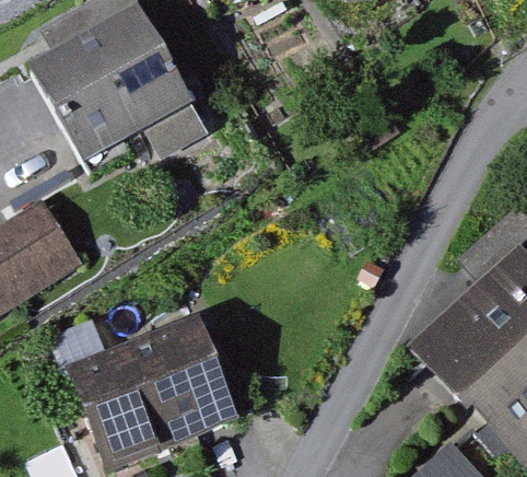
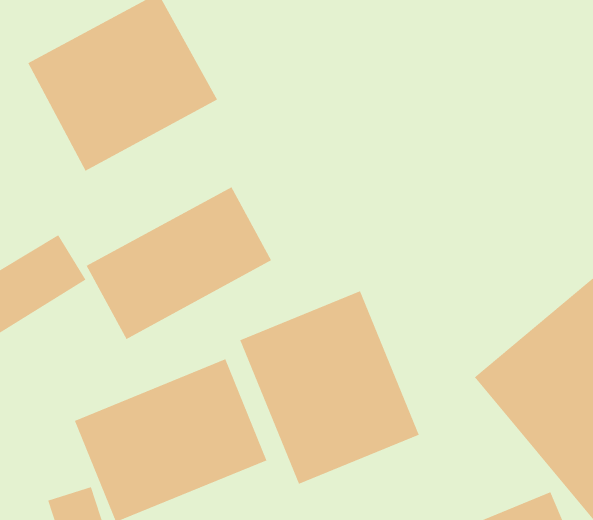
building: none -> [85,186,272,340]
building: none -> [239,290,420,485]

